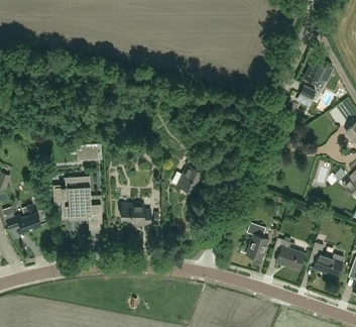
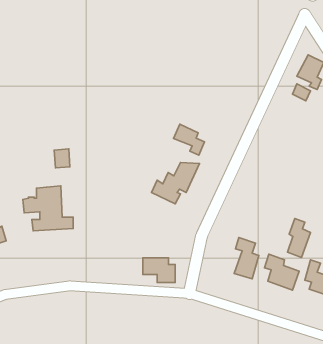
building: none -> [174,124,204,155]
building: [121,204,150,226] -> [143,258,175,282]
building: none -> [287,218,310,257]

